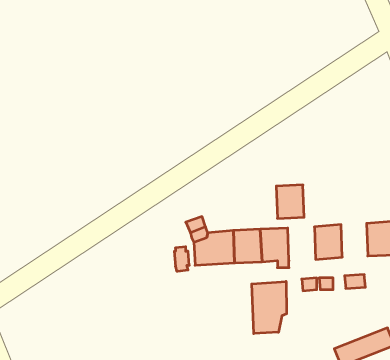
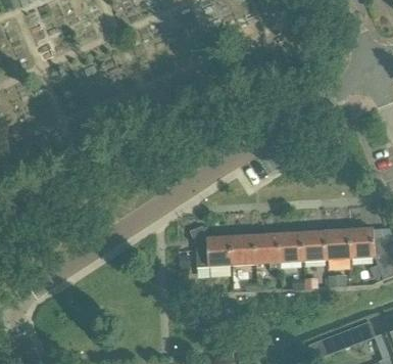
building: [276,185,304,218] -> [279,232,303,262]
building: none -> [326,229,349,259]
building: [252,281,287,334] -> none

